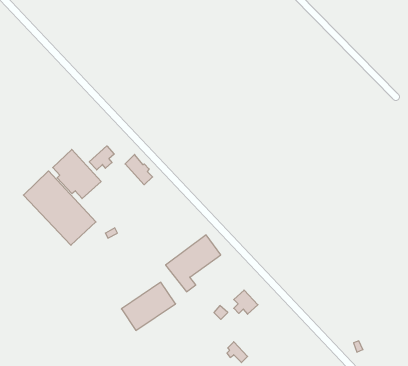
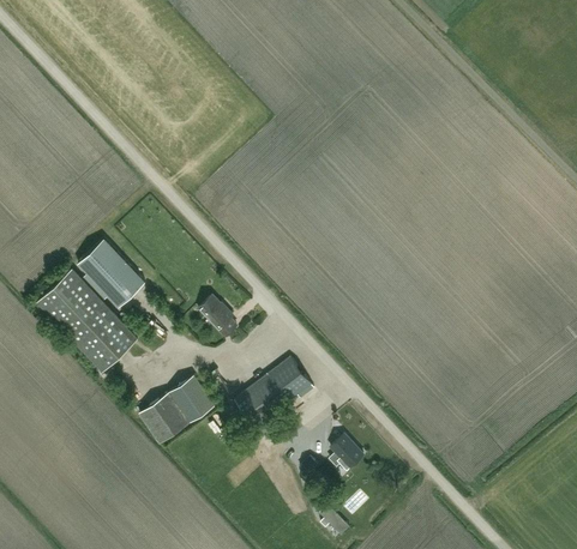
building: [89,146,114,170] -> none
building: [125,154,153,185] -> [199,295,238,337]
building: [121,282,176,330] -> [139,375,215,442]

